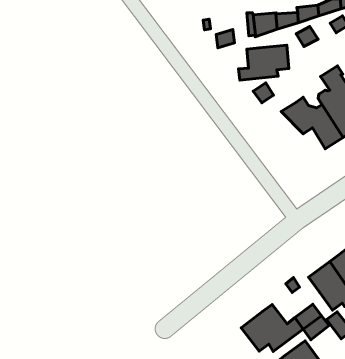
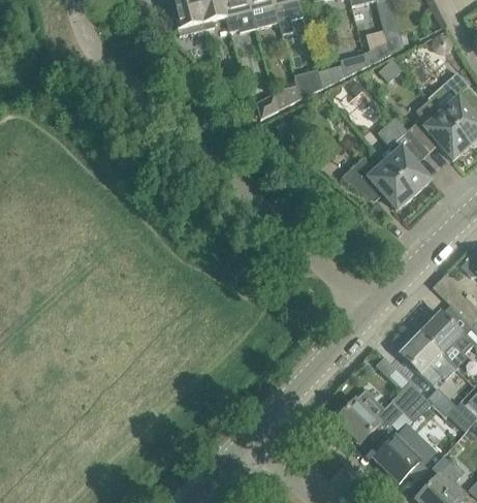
building: [238,45,289,80] -> none

